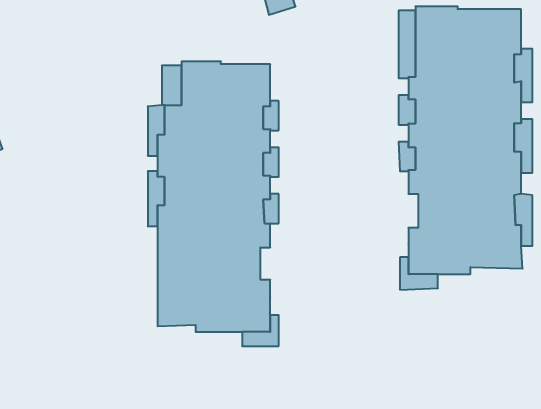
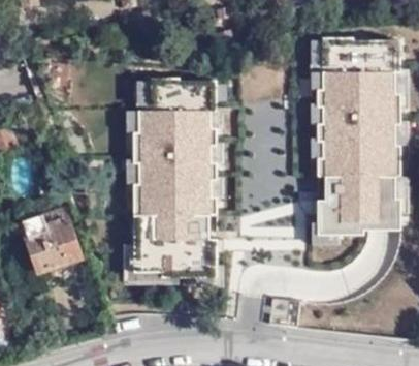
building: none -> [23,206,84,273]
building: none -> [123,247,178,286]

